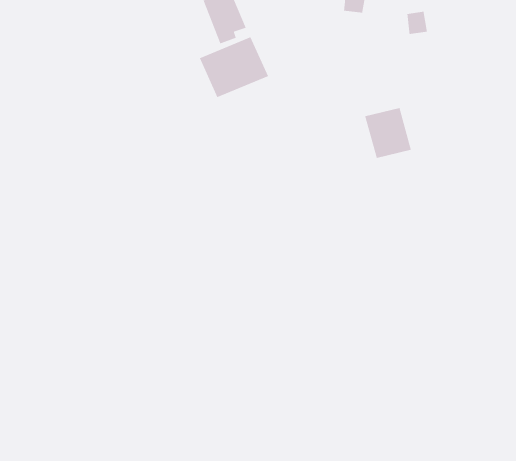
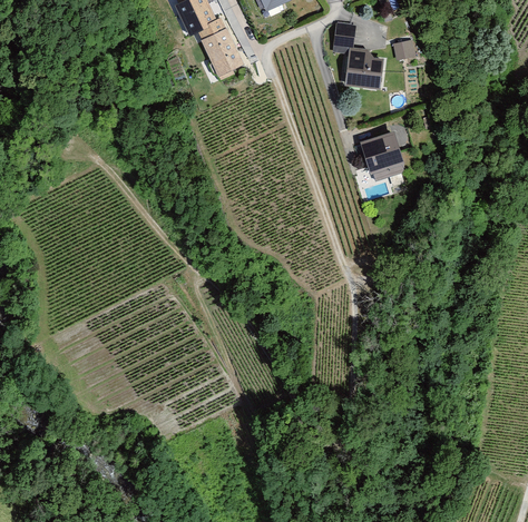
building: none -> [344,46,384,88]
building: [199,36,269,98] -> none

